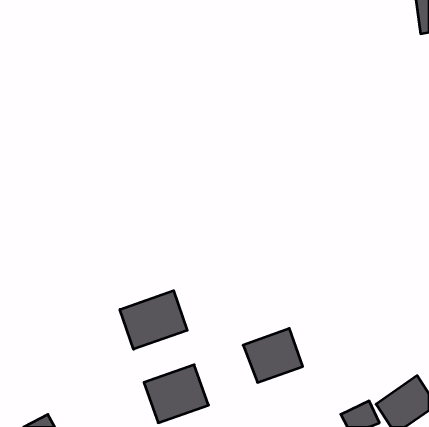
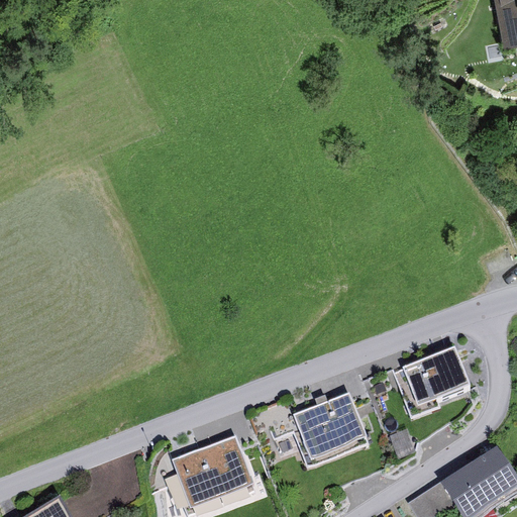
building: none -> [401,348,470,406]
building: [120,291,187,349] -> none

